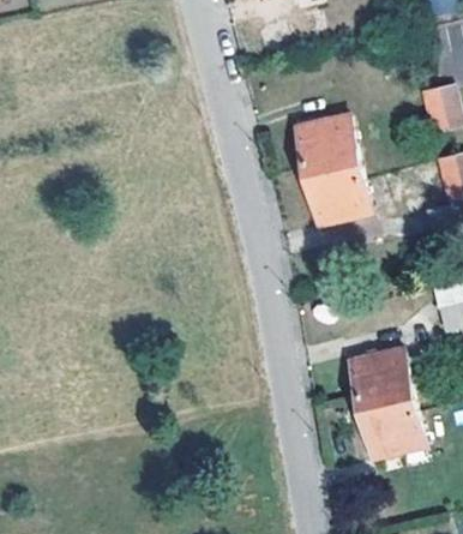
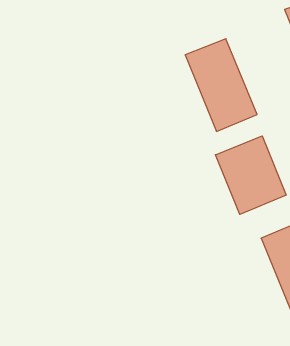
building: none -> [215,136,286,214]

